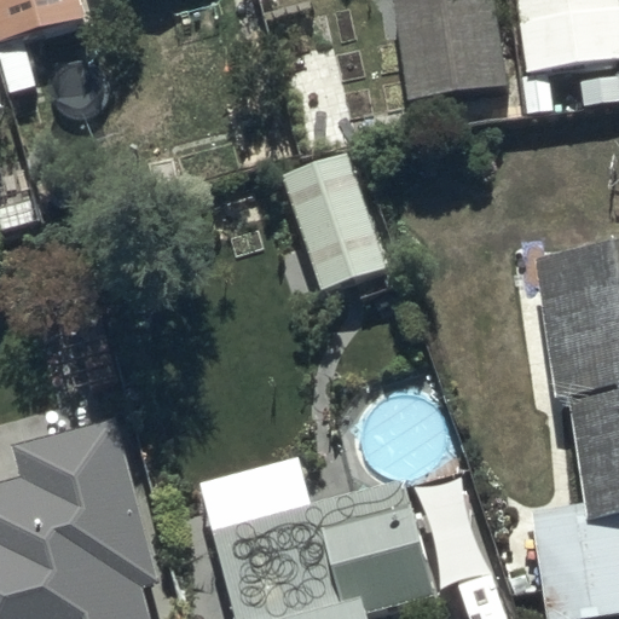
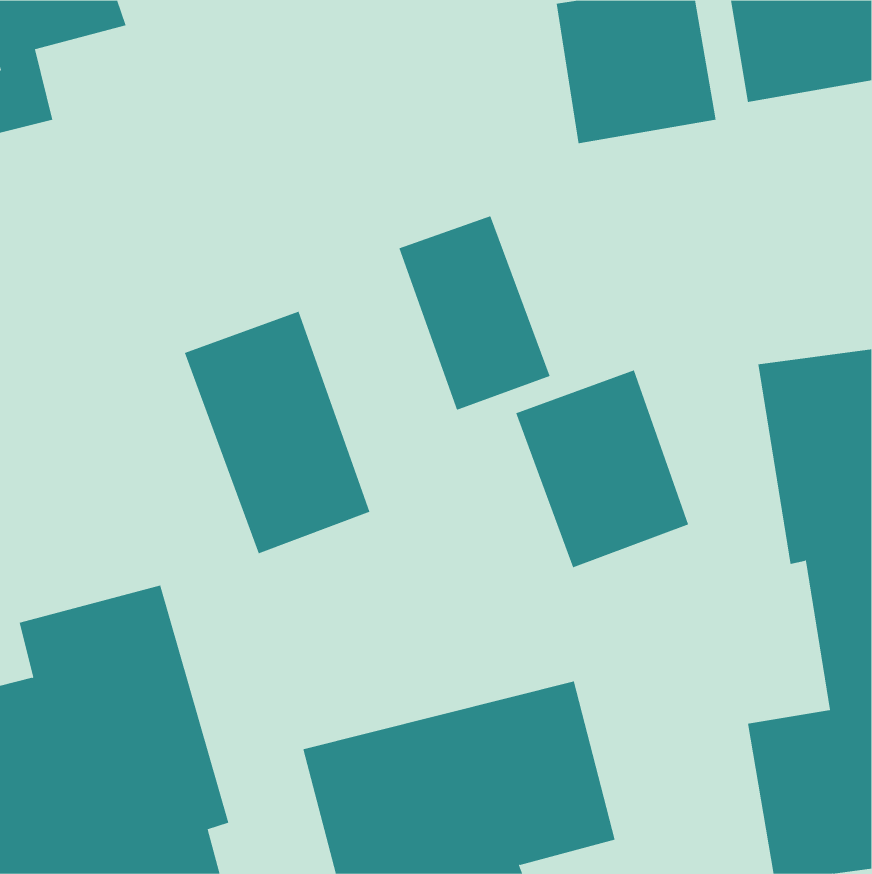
building: none -> [184,311,370,554]
building: none -> [515,370,689,568]

